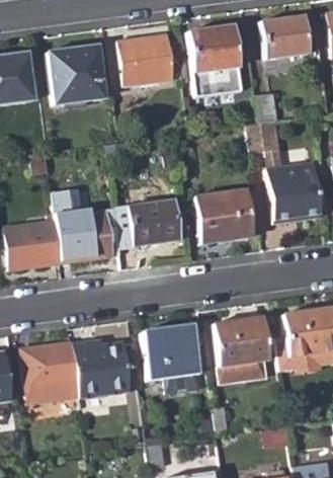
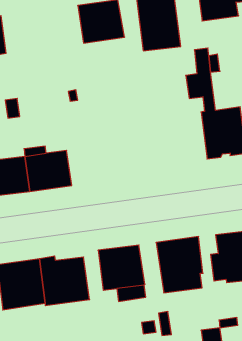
building: [50,46,105,103] -> none
building: [196,190,253,243] -> none
building: [129,200,178,245] -> none

